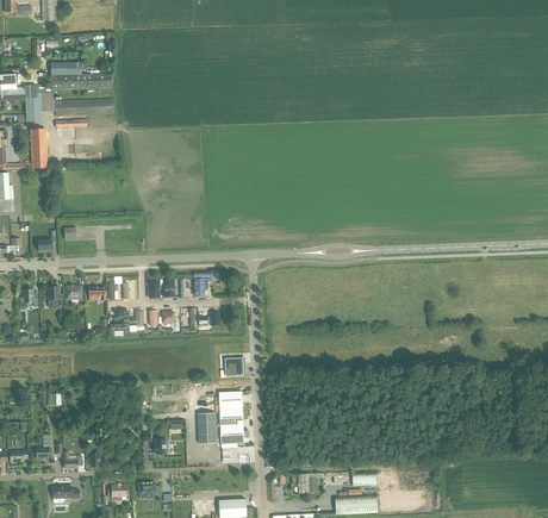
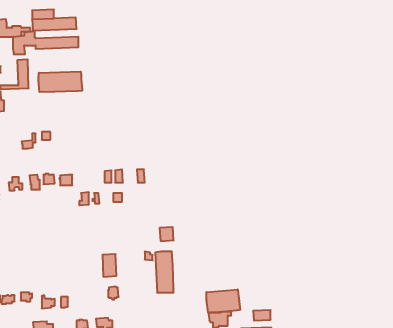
building: none -> [39,72,82,92]
building: [198,412,217,443] -> [102,254,116,277]
building: none -> [206,289,240,313]

